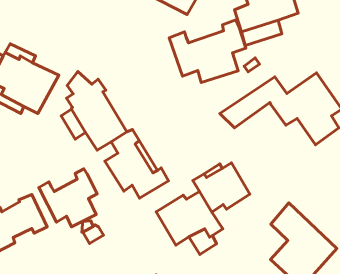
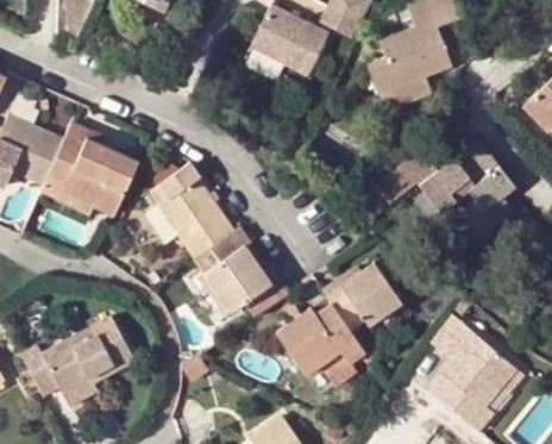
building: [169,20,246,82] -> none
building: [39,169,97,227] -> none

